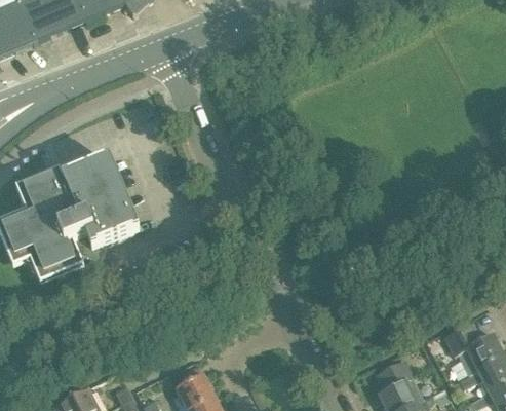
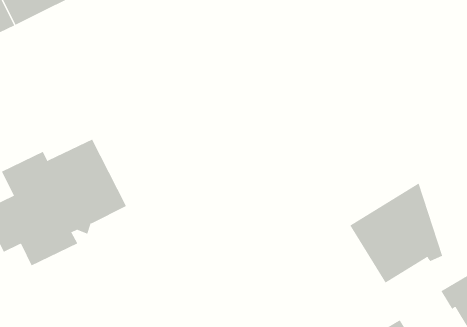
building: none -> [349,183,443,284]

